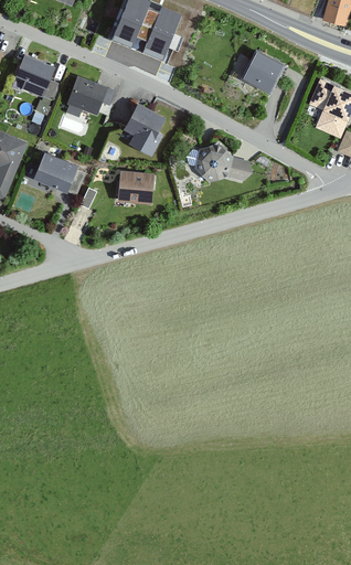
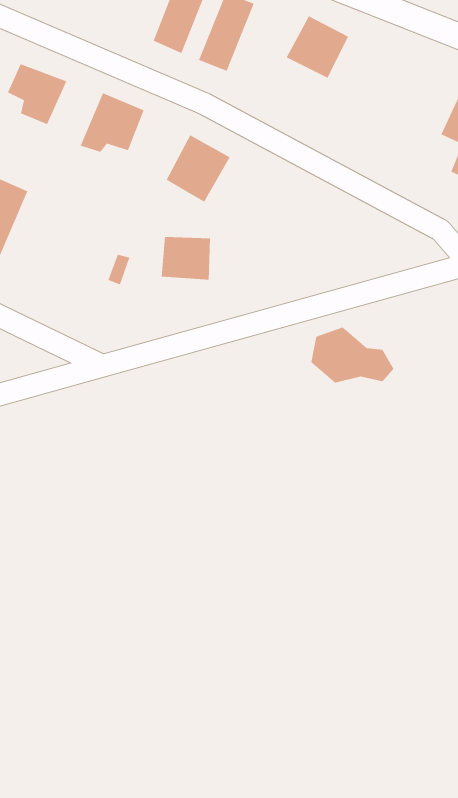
building: [243,51,286,94] -> [286,15,349,79]
building: [195,142,253,181] -> [311,327,395,383]
building: [32,150,77,193] -> none

